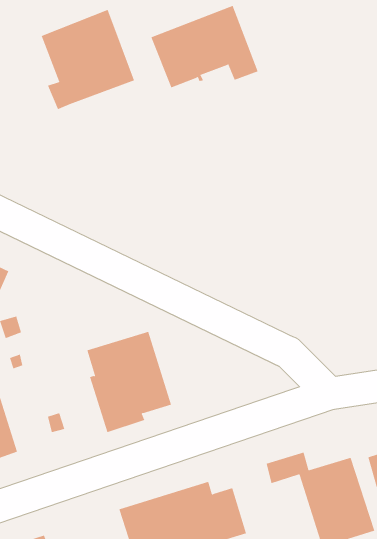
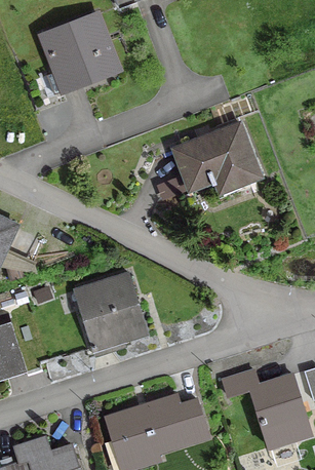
building: [150,5,258,88] -> [172,123,260,190]

